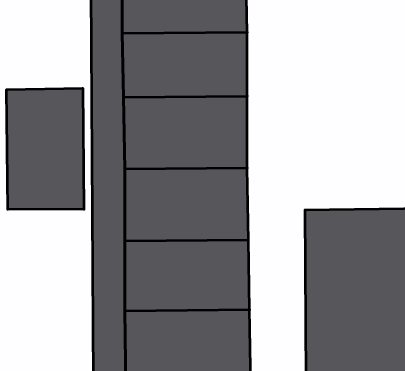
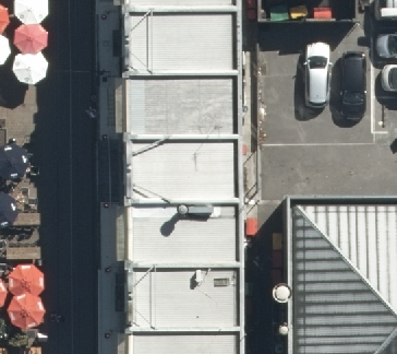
building: [7,88,84,209] -> none

